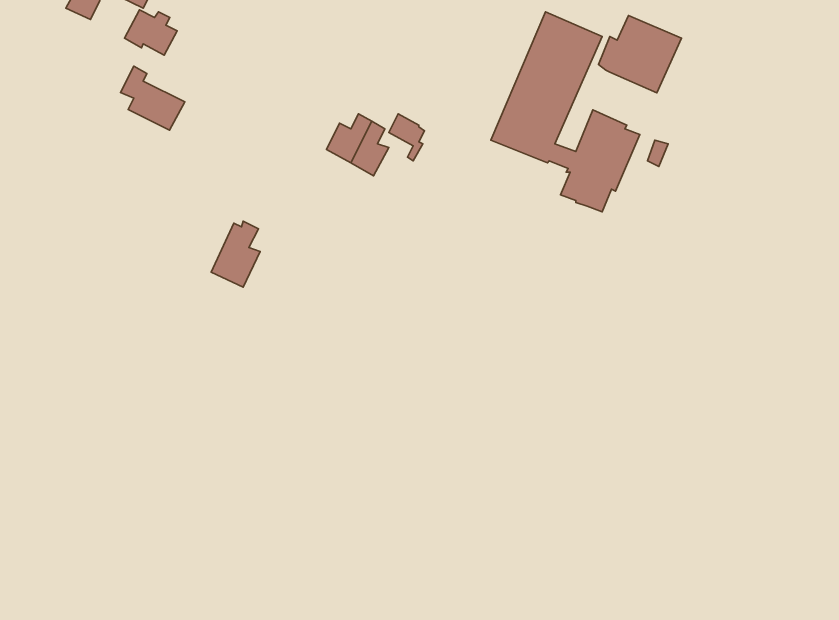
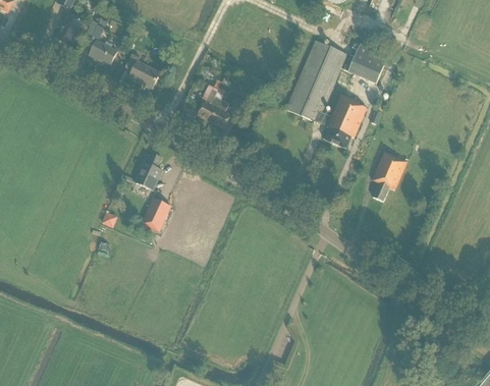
building: [120,66,185,130] -> [124,53,159,88]
building: none -> [371,152,407,202]
building: none -> [141,199,170,231]

